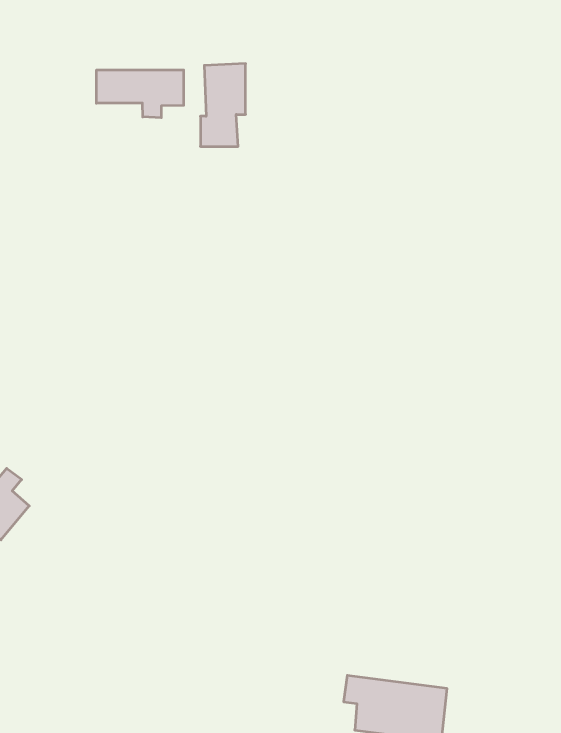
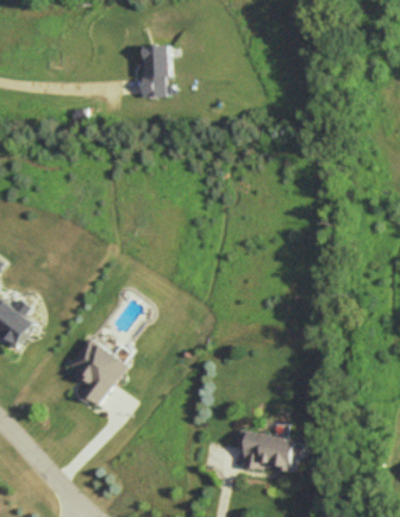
building: [96,70,184,118] -> none
building: none -> [67,338,125,407]

